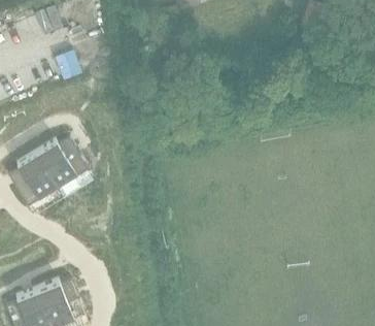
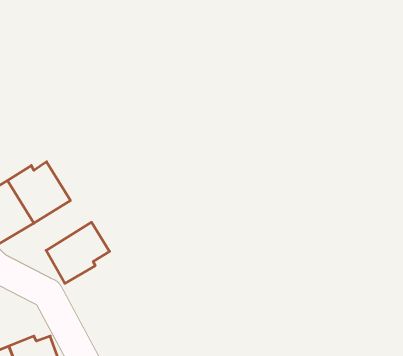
building: none -> [46,222,110,283]

